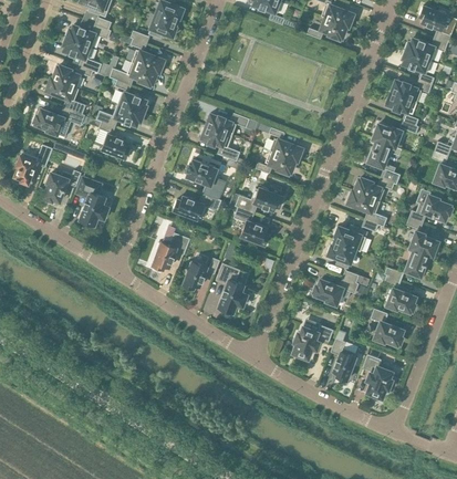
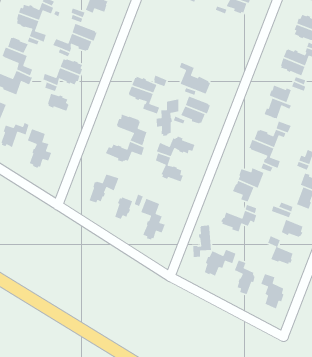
building: none -> [179,61,211,96]
building: none -> [156,99,179,137]
building: none -> [193,224,212,258]

